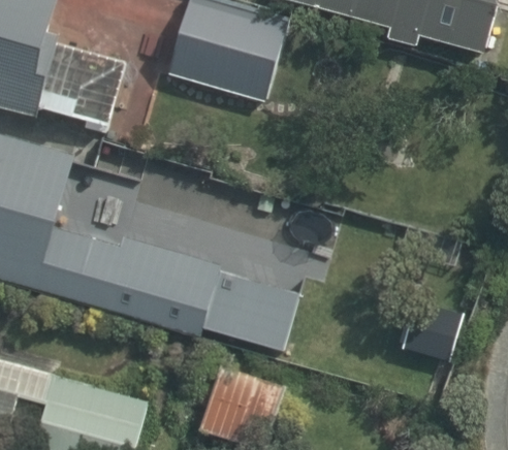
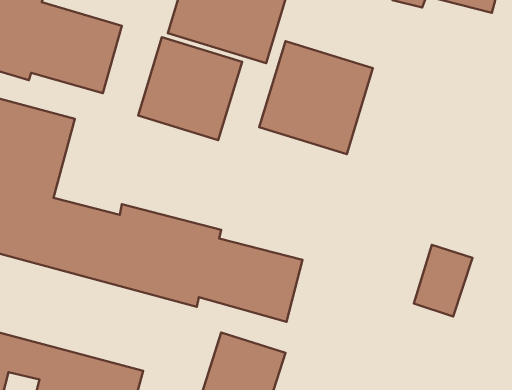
building: none -> [138,37,242,140]
building: none -> [259,41,373,154]

